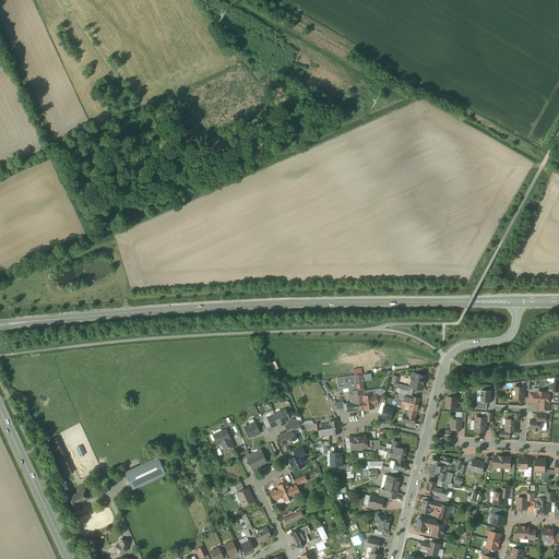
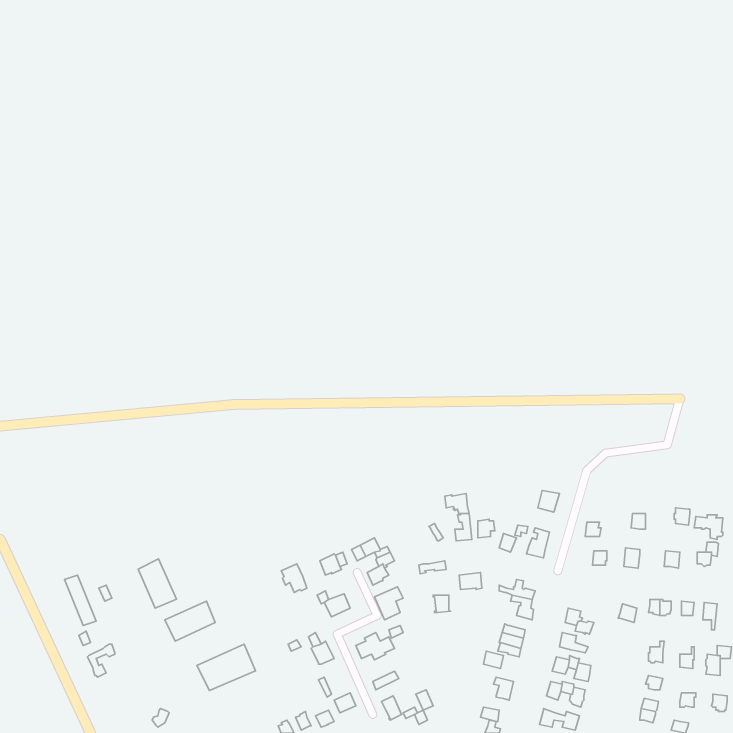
building: none -> [138,559,176,608]
building: none -> [197,644,256,691]

